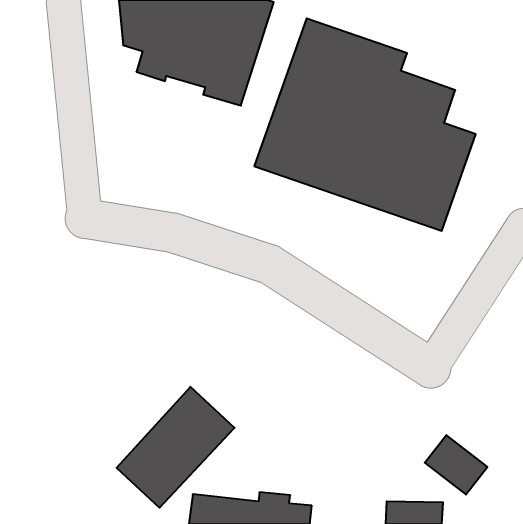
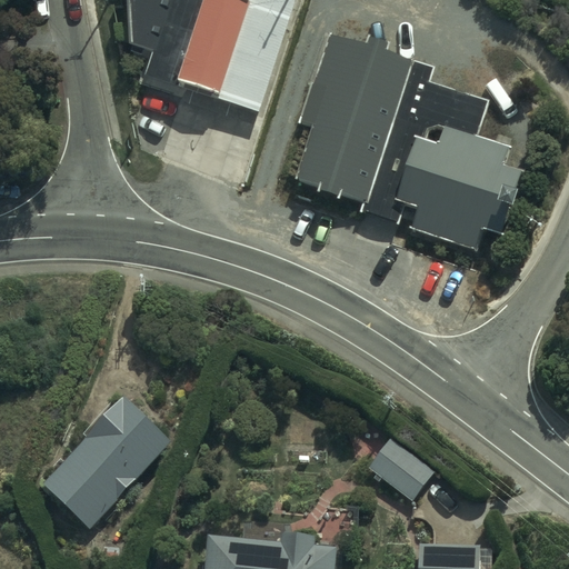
building: [117,387,235,508] -> [42,397,170,528]
building: [425,435,487,495] -> [368,438,436,502]

